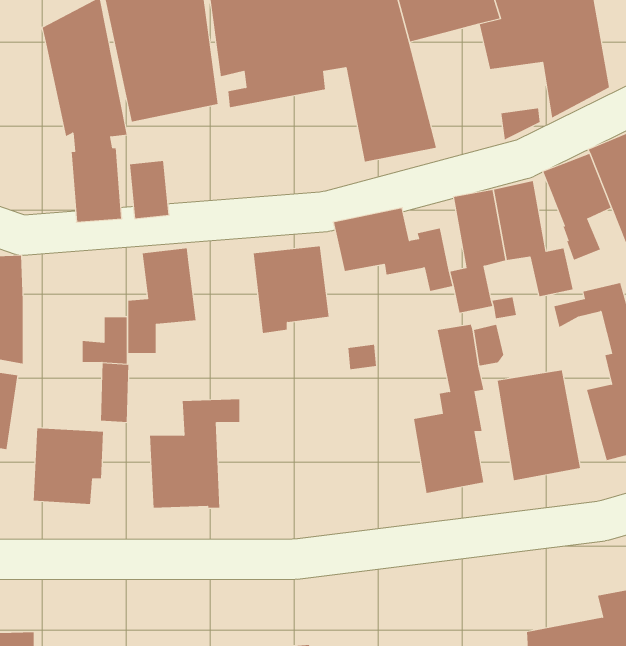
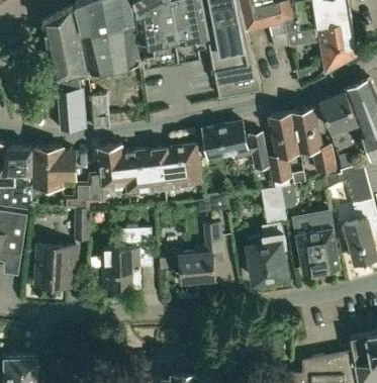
building: none -> [122,148,163,194]
building: none -> [33,149,75,187]
building: none -> [159,224,223,281]

